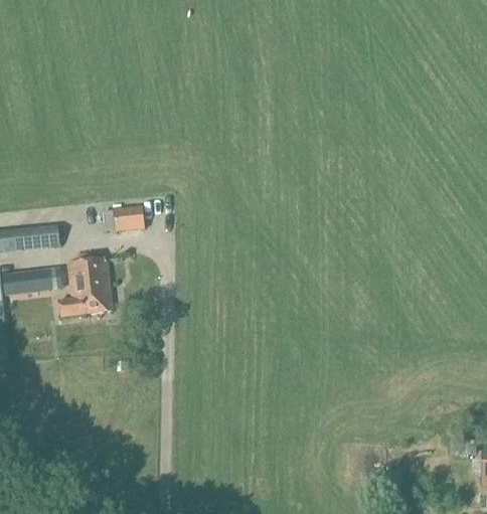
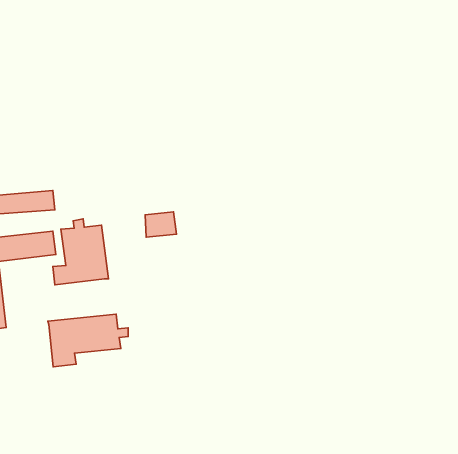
building: [113,204,144,229] -> [145,212,177,237]
building: none -> [48,314,128,367]

